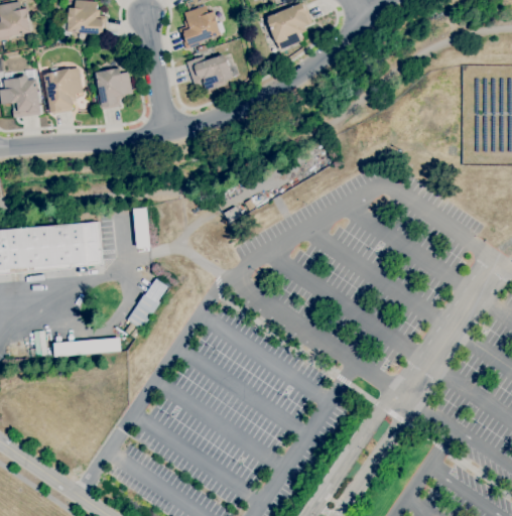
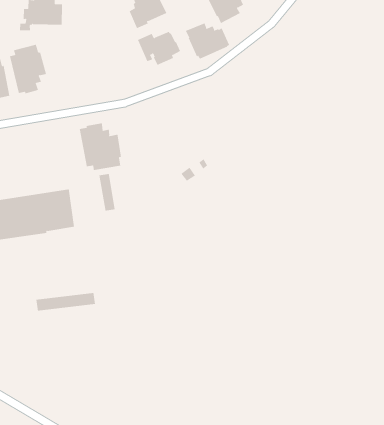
building: none -> [185,22,230,59]
building: [96,69,133,110] -> none
building: none -> [79,122,122,171]
building: [125,278,169,338] -> none

